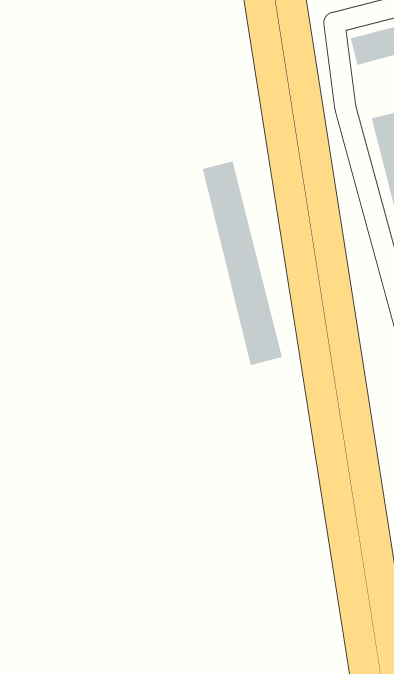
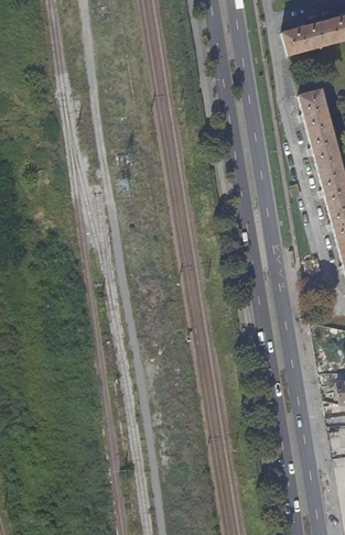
building: [202,161,283,366] -> none

